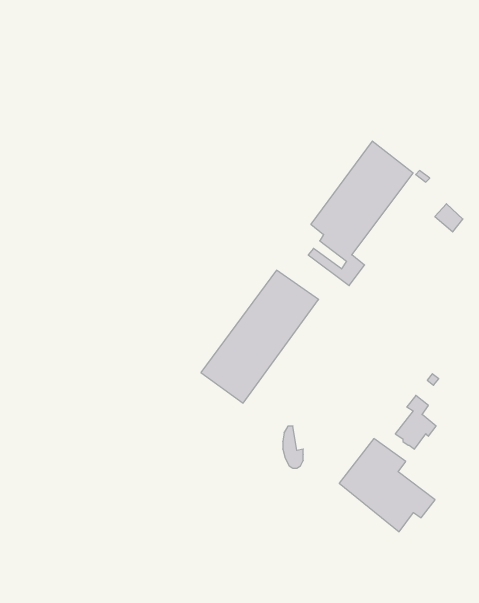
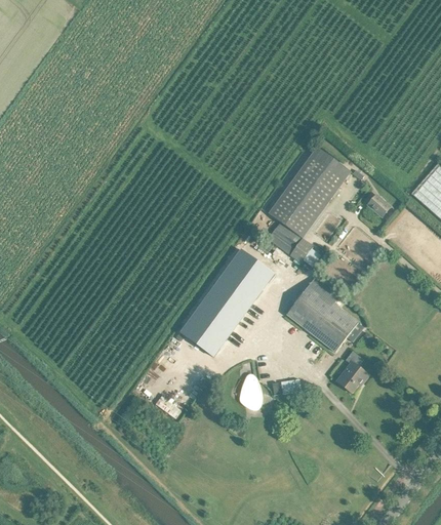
building: [339,439,435,532] -> [286,277,363,352]

